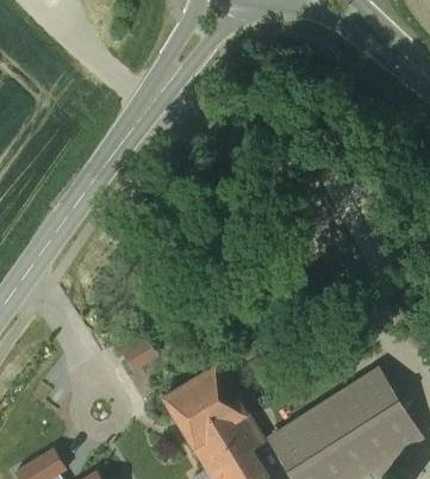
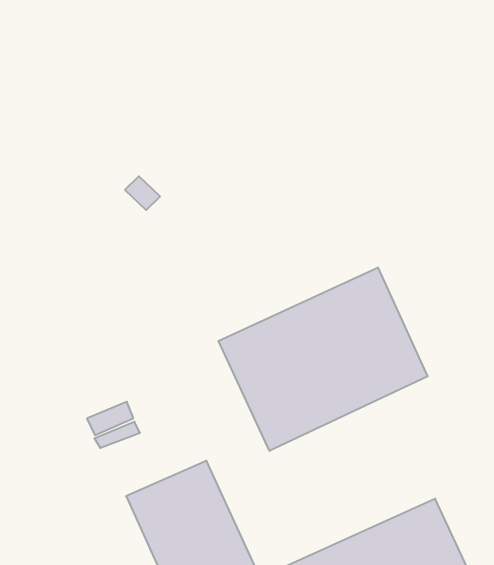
building: none -> [218,267,428,451]

